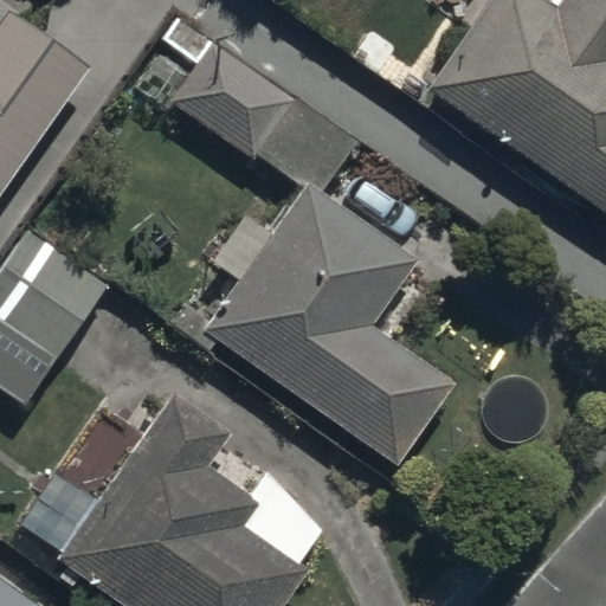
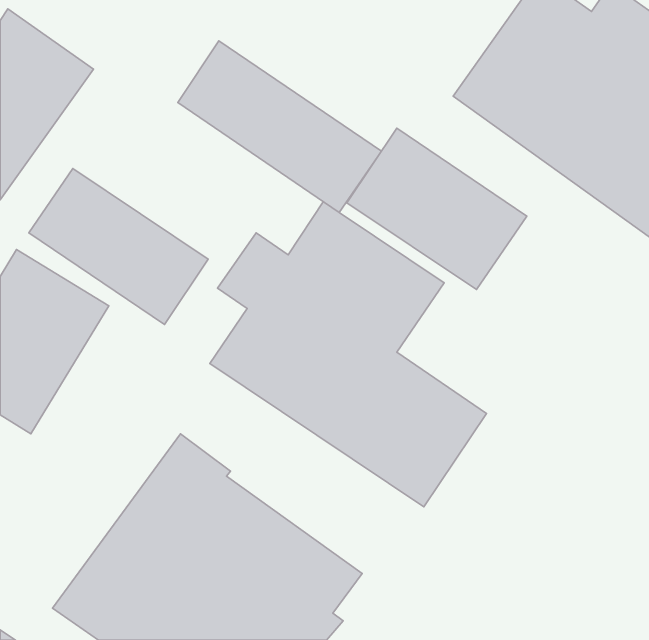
building: none -> [347,128,527,290]
building: none -> [29,168,208,324]

